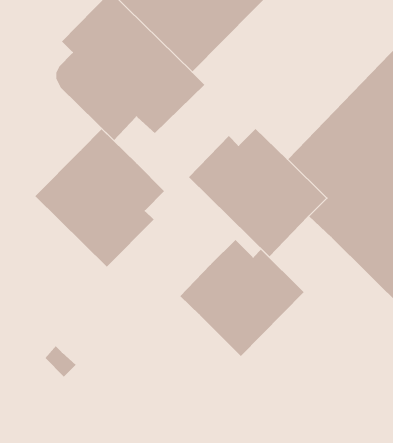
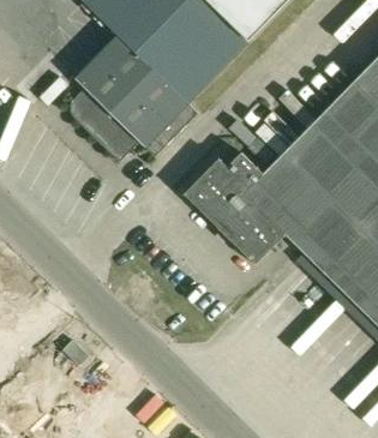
building: [34,128,165,267] -> none
building: [179,239,304,357] -> none

